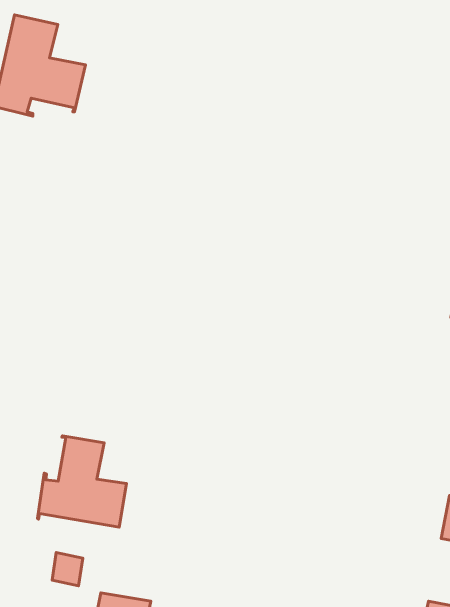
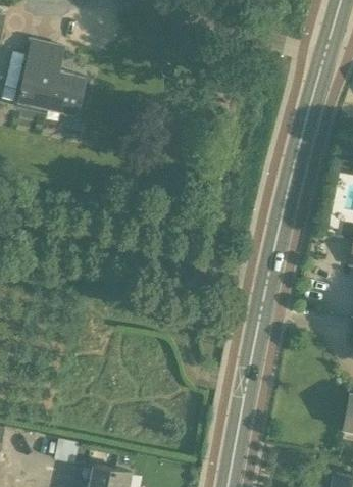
building: [38,436,127,527] -> none

